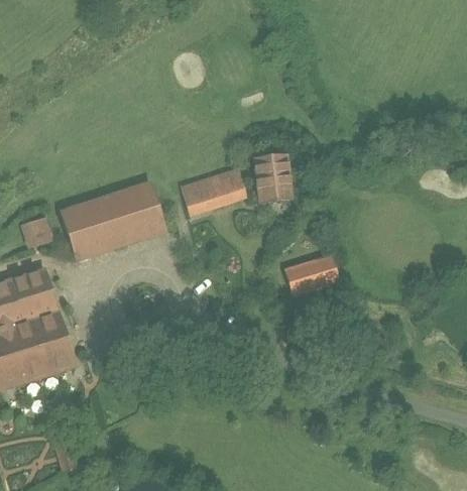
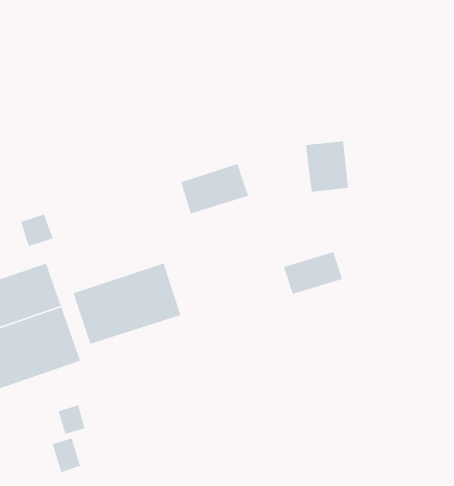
building: [253,153,297,205] -> [305,140,349,192]
building: [60,179,167,261] -> [72,262,181,345]
building: none -> [57,404,86,435]

